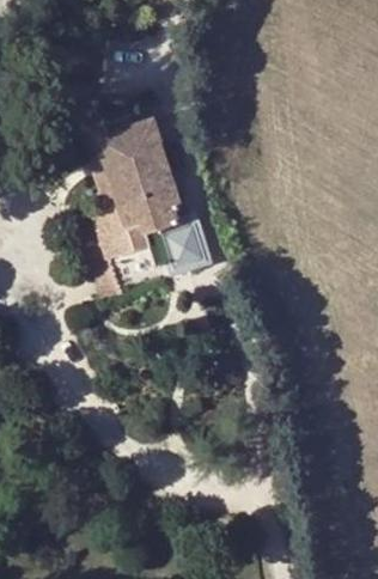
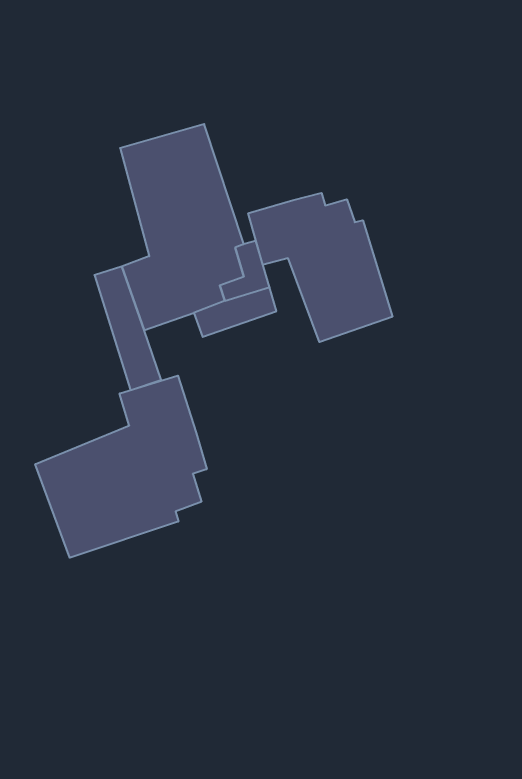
building: none -> [248,193,392,342]
building: none -> [35,376,207,558]

